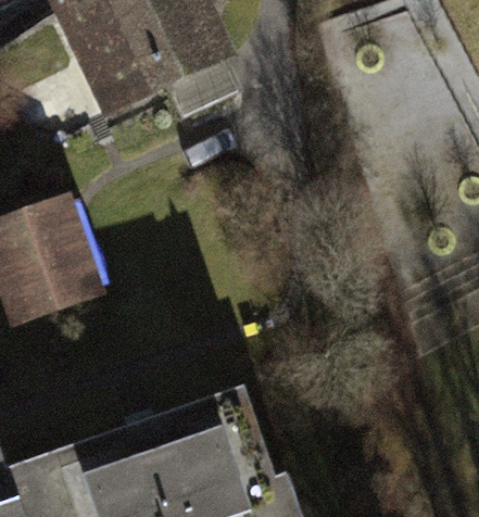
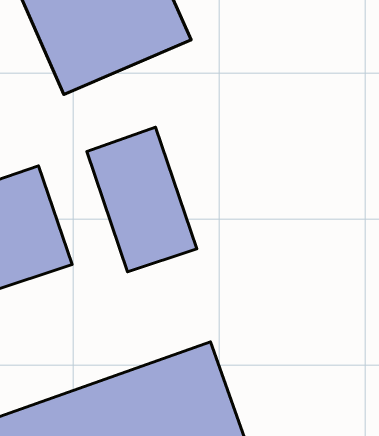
building: none -> [87,127,197,272]

